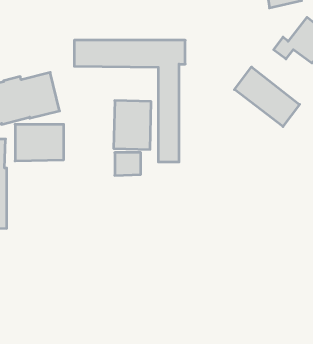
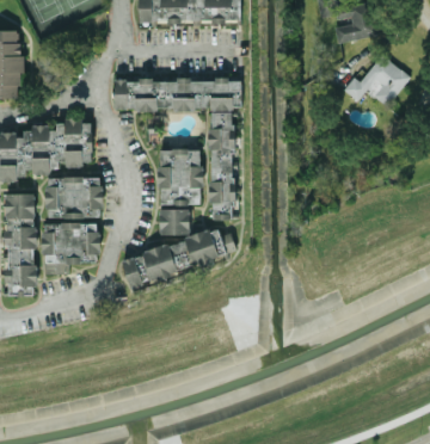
building: [234,67,300,127] -> none
building: none -> [43,223,99,273]
building: none -> [122,228,238,286]

